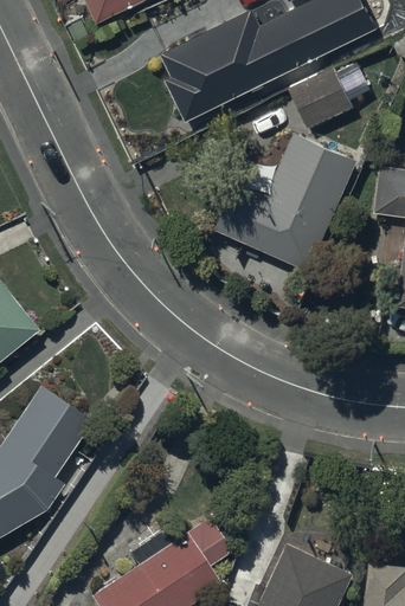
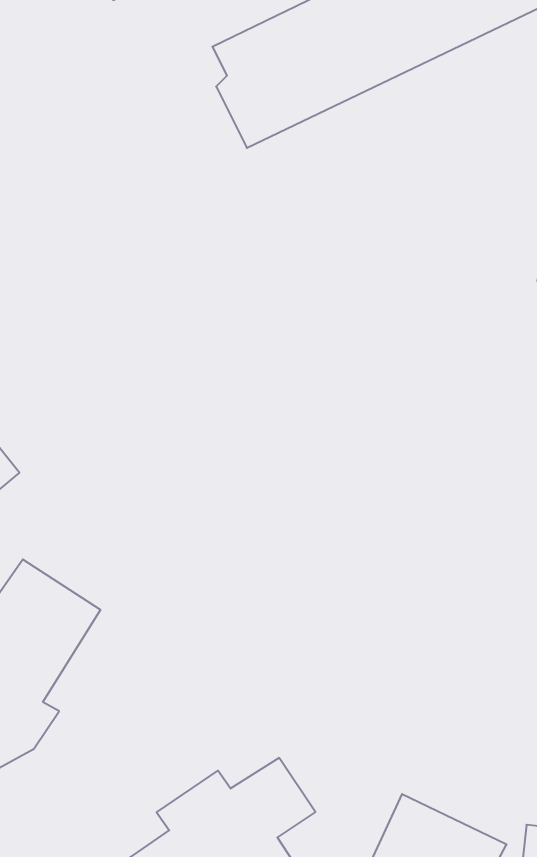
building: [289,66,353,129] -> none
building: [217,131,354,269] -> none

